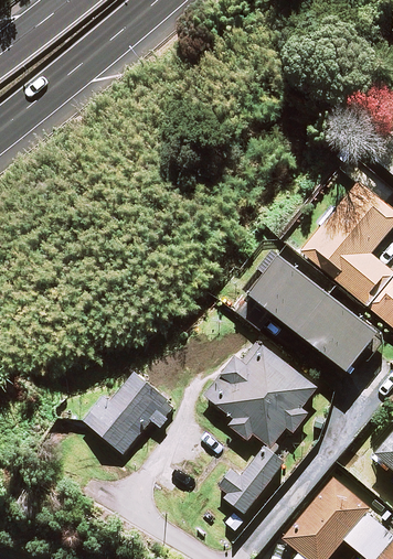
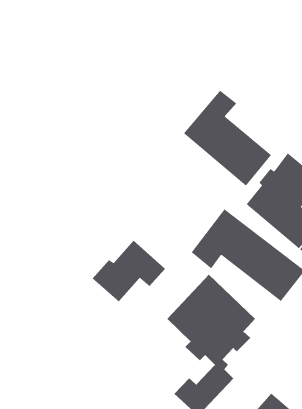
building: none -> [183,90,272,186]
building: [85,373,176,449] -> [92,240,166,302]

